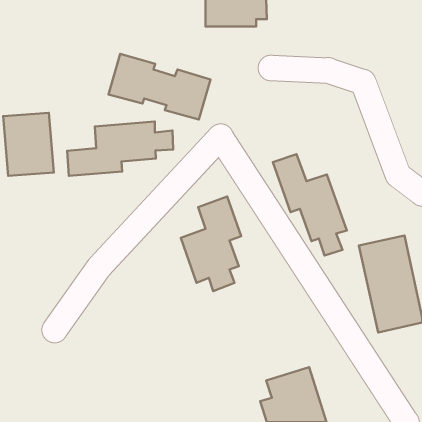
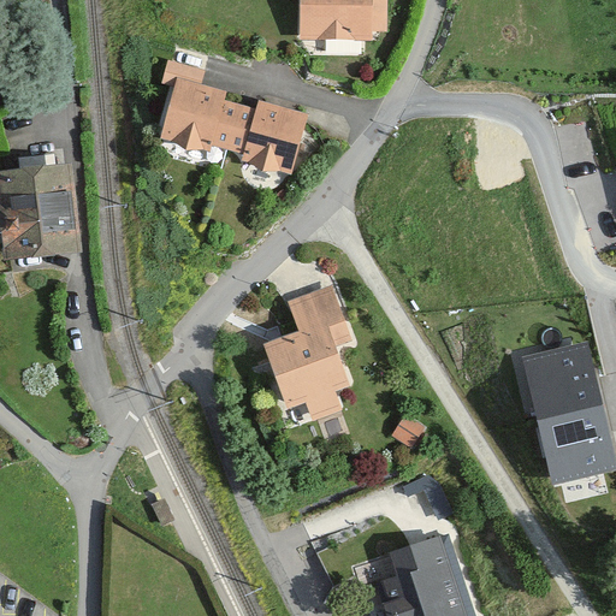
building: [67,122,173,176] -> none
building: [273,154,347,255] -> none

